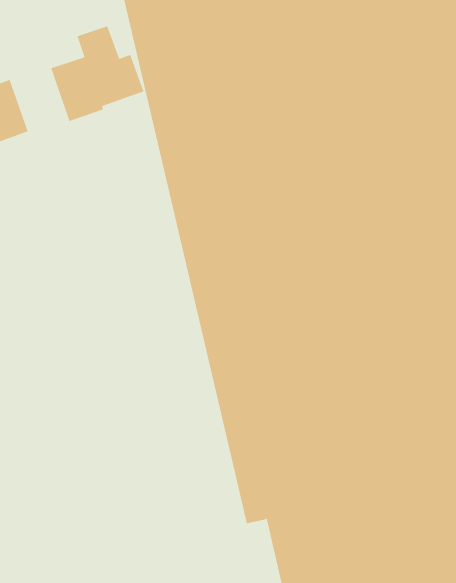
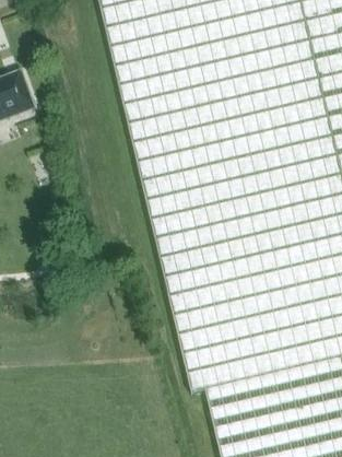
building: [50,25,144,122] -> none

